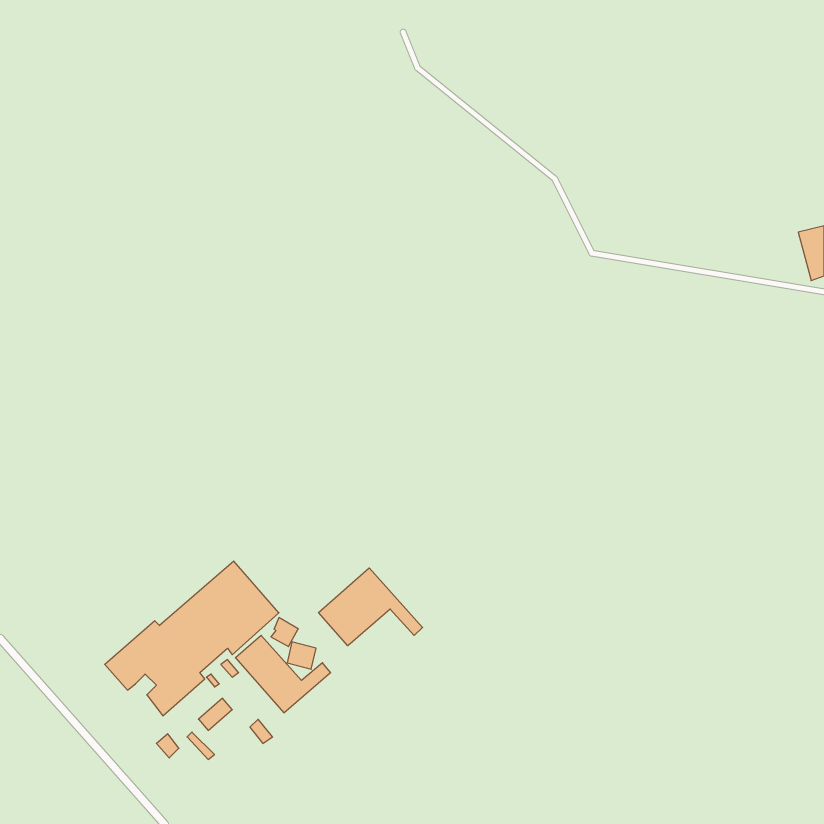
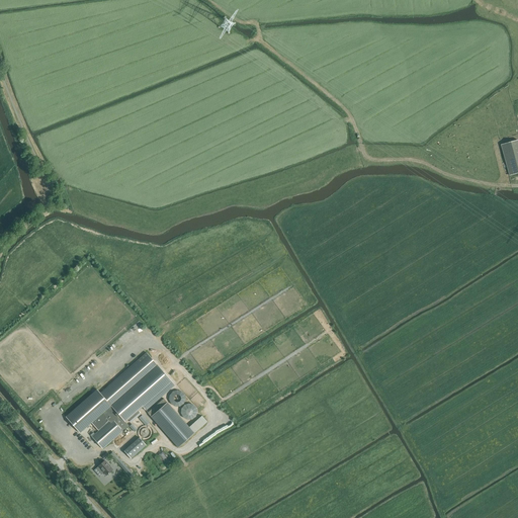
building: [319,568,423,646] -> none

